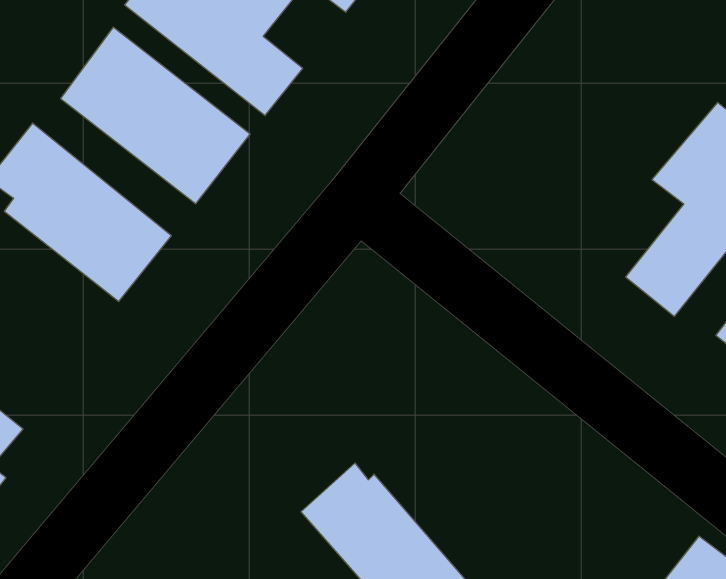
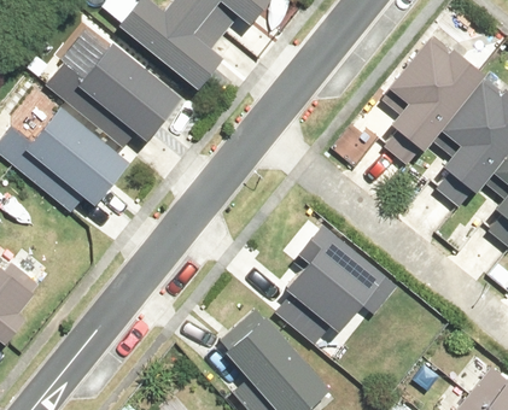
building: none -> [376,35,485,168]
building: none -> [286,226,392,333]

